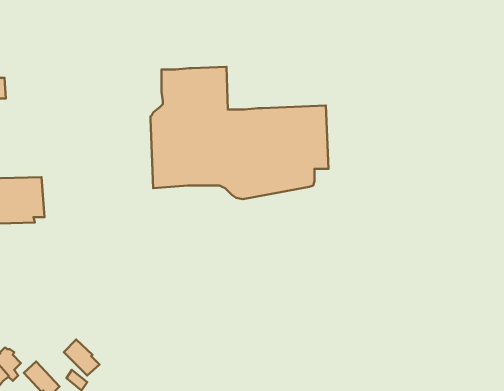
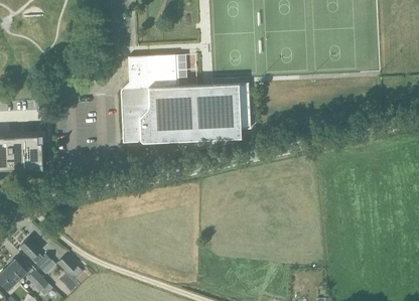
building: none -> [19,237,55,273]

